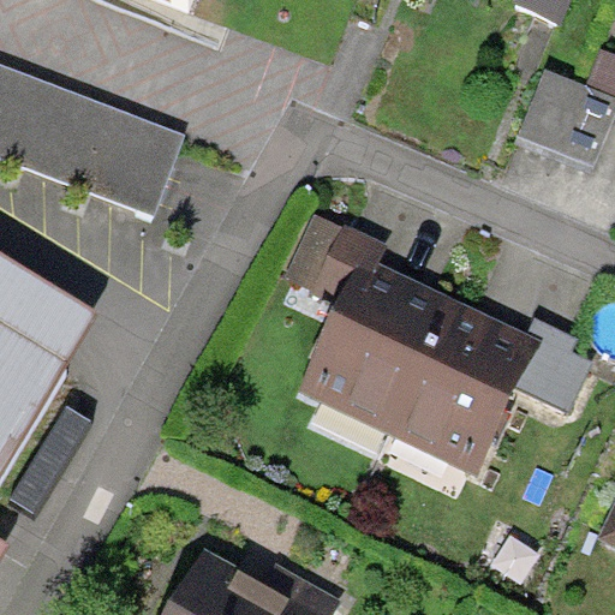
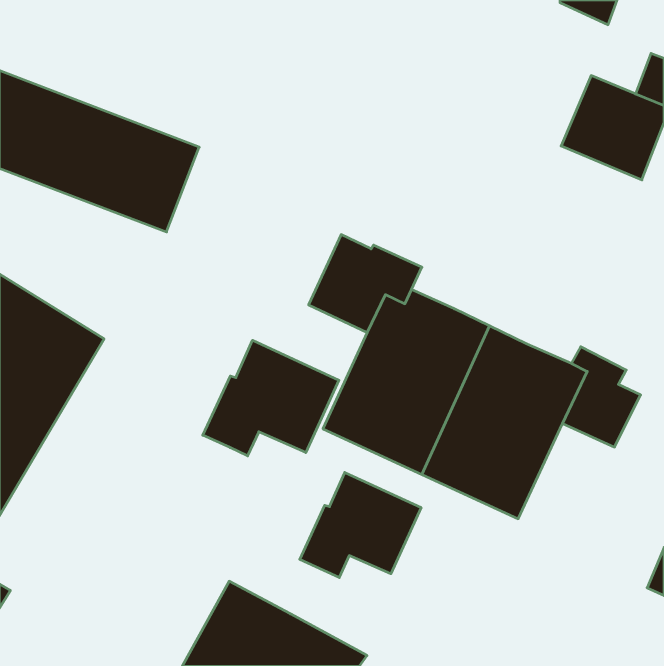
building: none -> [203,340,339,456]
building: none -> [300,472,421,578]

